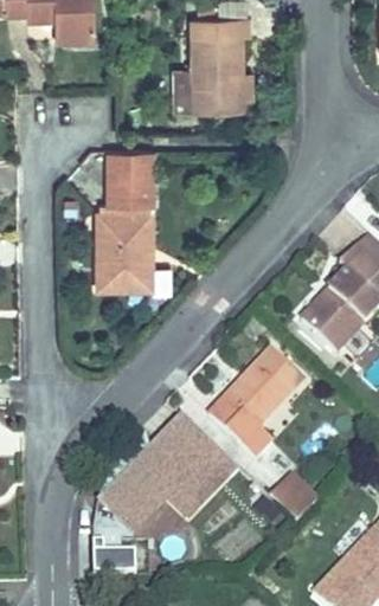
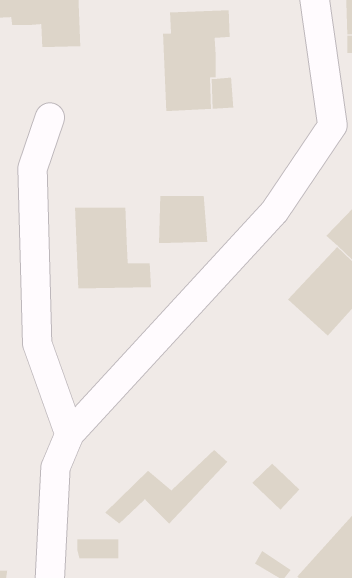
building: [98,155,149,205] -> [158,195,208,244]
building: [206,341,314,468] -> none
building: [92,410,229,524] -> none

